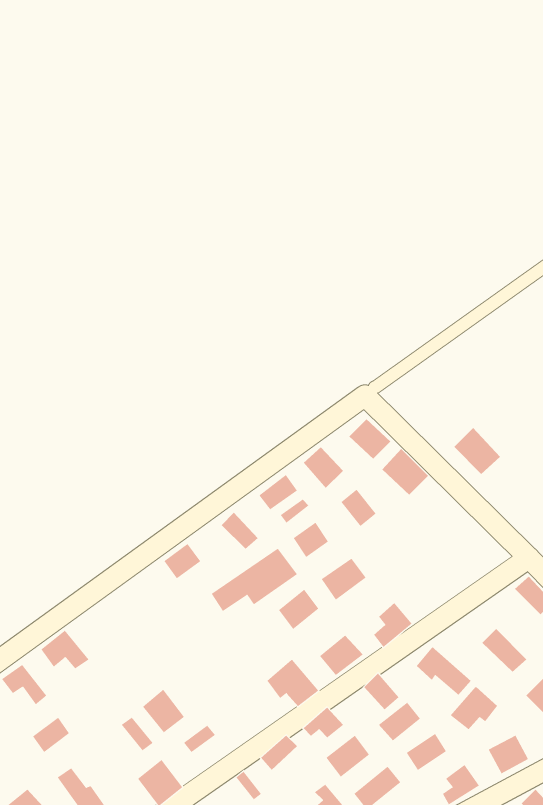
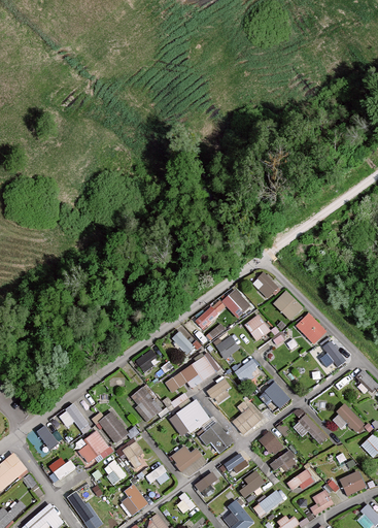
building: [453,427,501,475] -> [297,314,327,343]
building: none -> [317,340,347,371]
building: none -> [130,388,162,421]
building: none -> [177,401,209,433]
building: none -> [99,412,129,443]
building: none -> [78,431,107,463]
building: [450,687,498,730] -> none
building: none -> [172,446,206,475]

